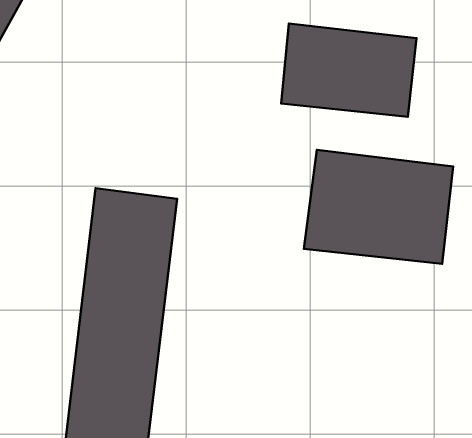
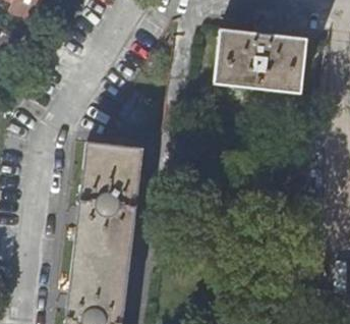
building: [304,150,453,264] -> none

